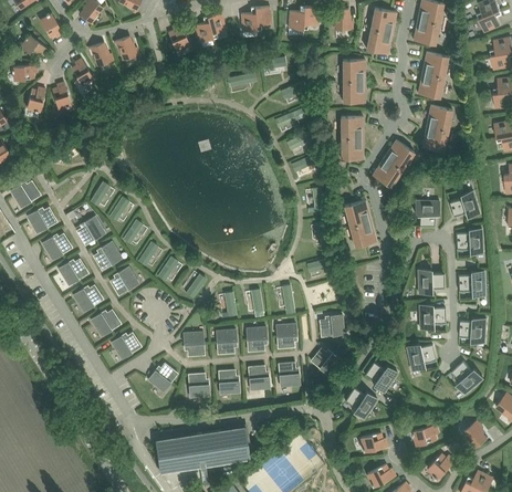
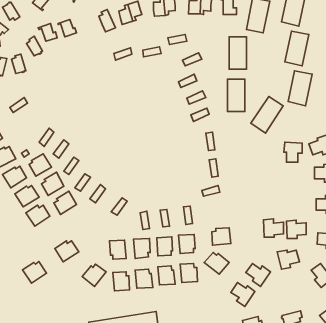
building: [344,199,377,247] -> none
building: [418,269,445,293] -> [263,219,283,237]
building: [90,308,122,337] -> [22,262,46,283]

